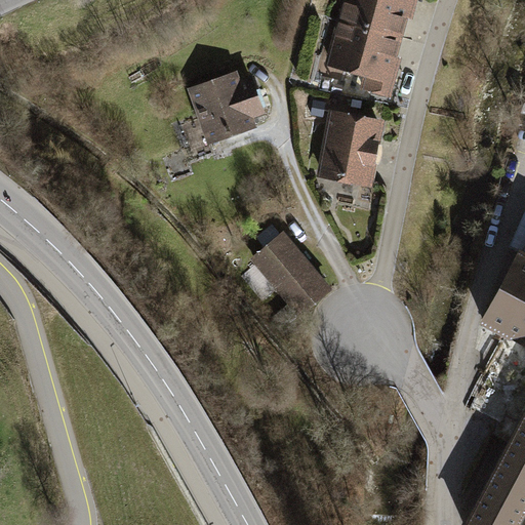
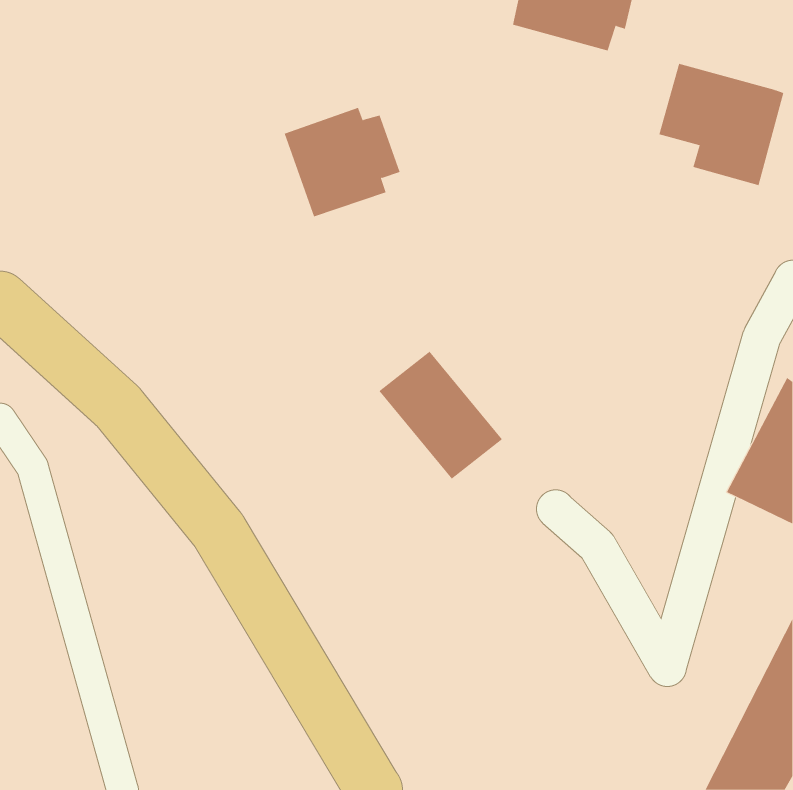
building: [325,16,408,97] -> [658,63,784,186]
building: [316,110,383,188] -> none

